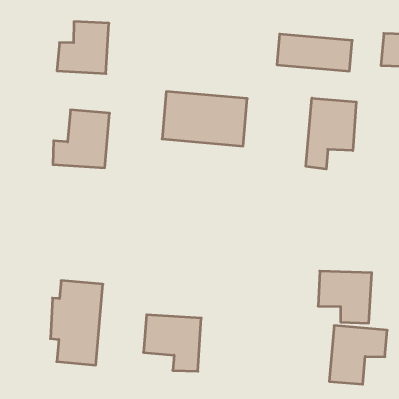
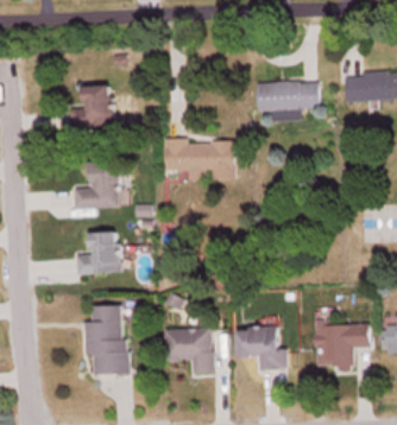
building: [306,98,356,169] -> none
building: none -> [76,233,120,274]
building: [318,271,372,323] -> [238,325,283,369]

